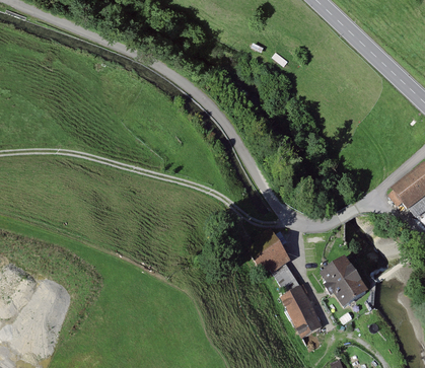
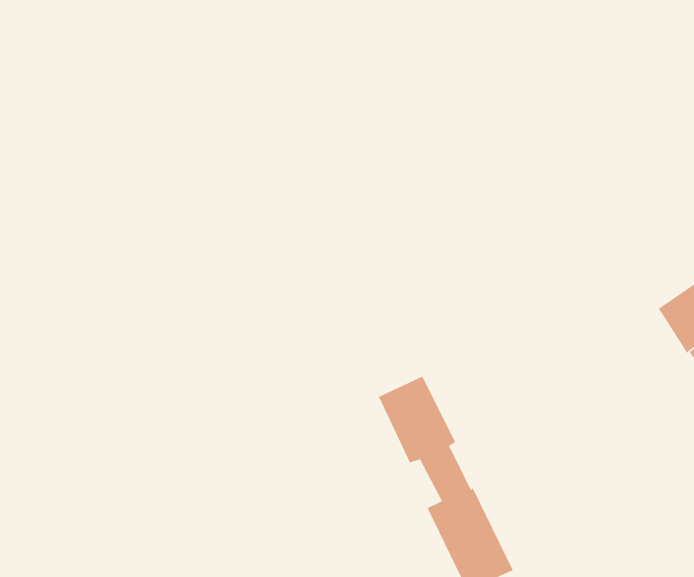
building: [320,256,368,308] -> none

